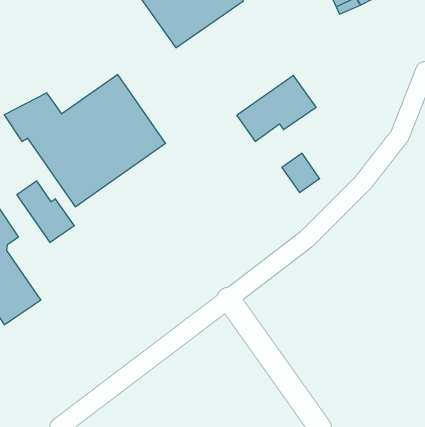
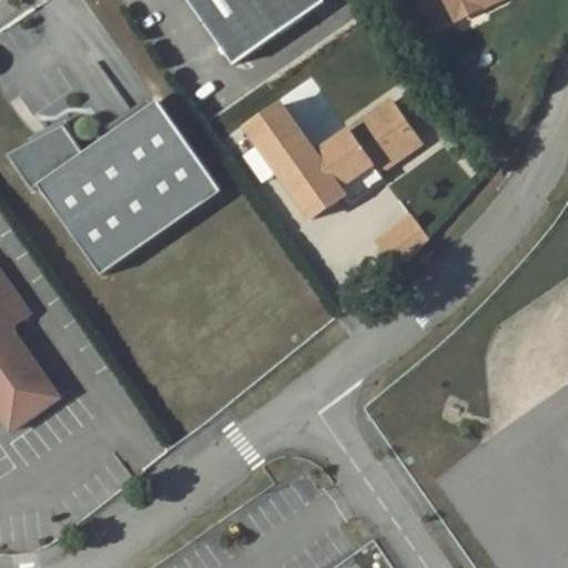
building: none -> [246,104,382,219]
building: [17,181,74,243] -> none

